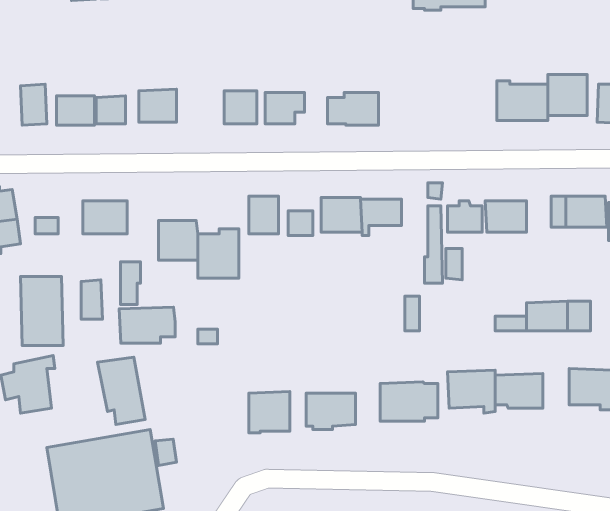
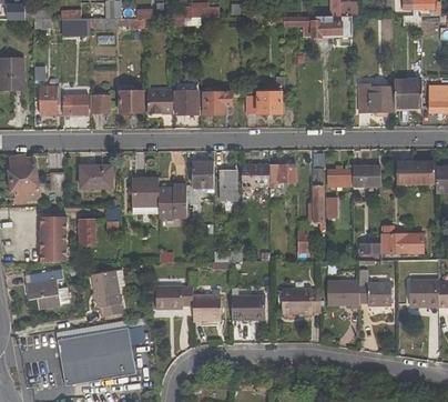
building: none -> [147,89,174,114]
building: [119,307,175,343] -> [155,285,193,310]

